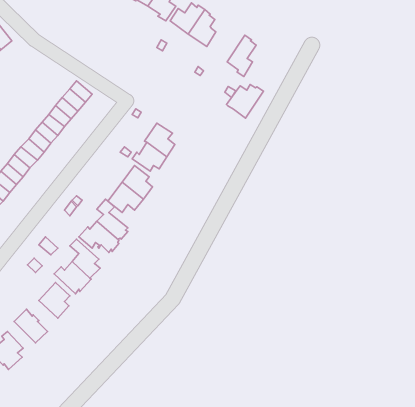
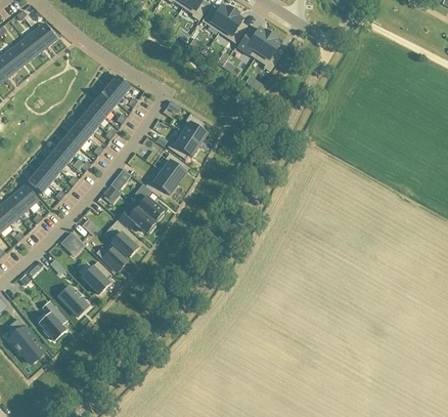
building: [227,85,263,118] -> [236,27,270,57]

